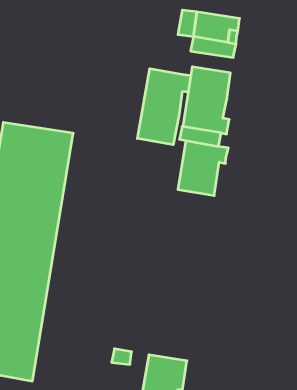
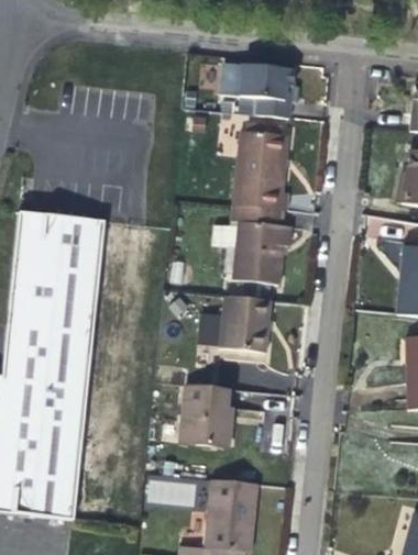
building: [137,69,191,145] -> none
building: none -> [219,296,272,355]
building: none -> [182,384,231,446]

